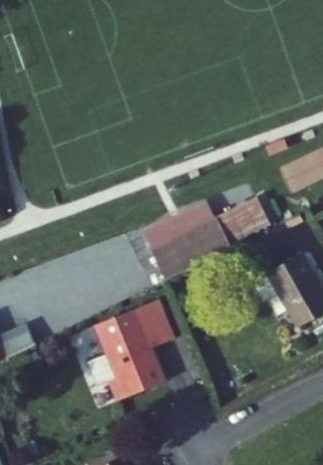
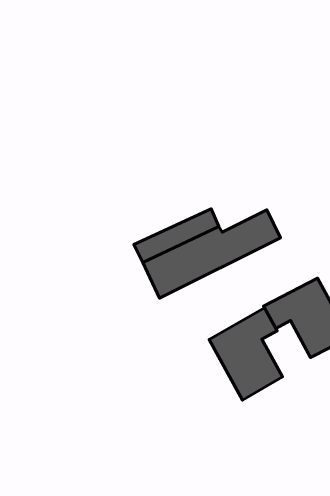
building: none -> [209,308,283,400]
building: [87,300,165,401] -> none

